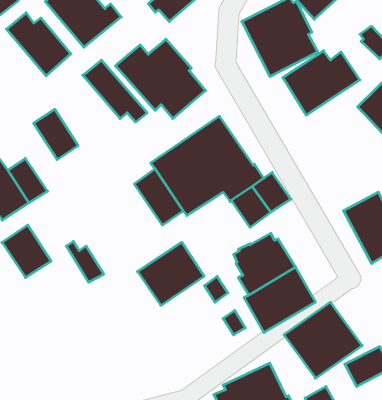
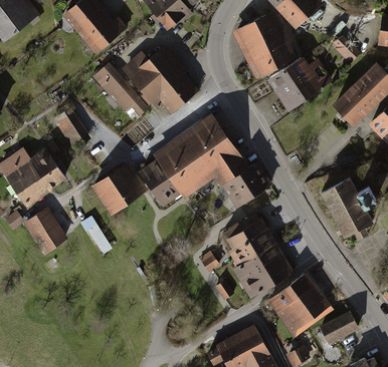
building: [6,13,71,76] -> none
building: [137,242,204,305] -> [90,161,148,216]

